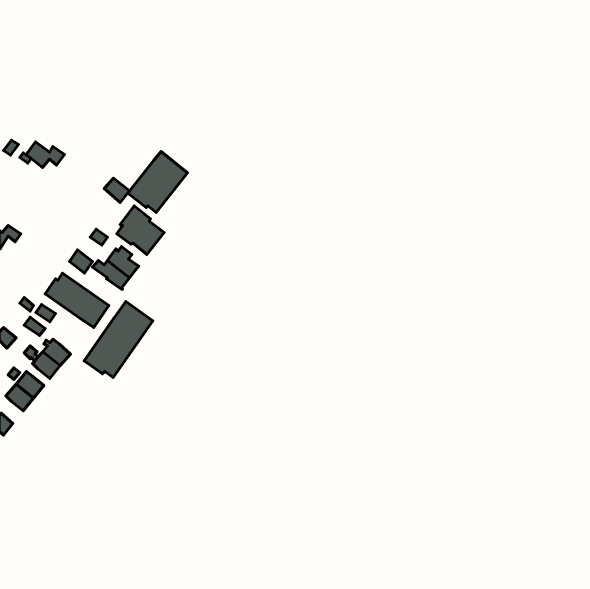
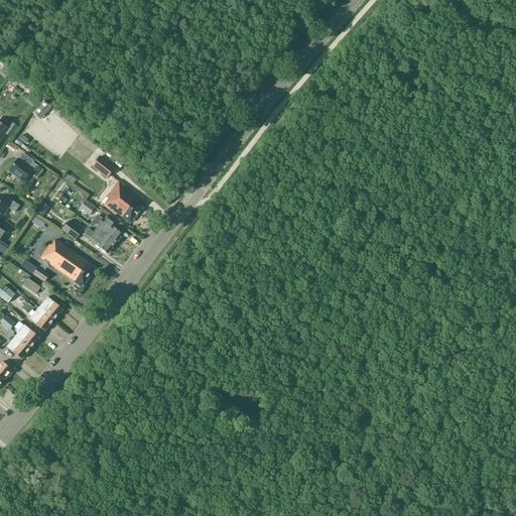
building: [26,142,64,167] -> [8,157,41,179]
building: [128,152,188,213] -> none
building: [84,302,153,378] -> none

